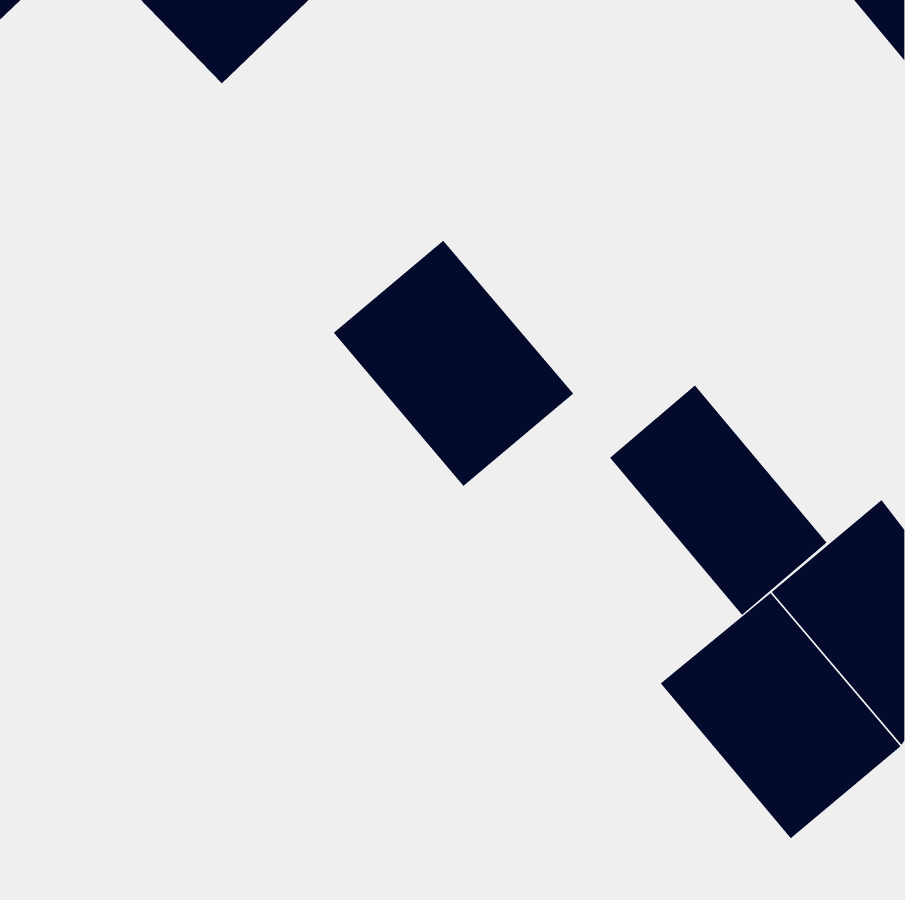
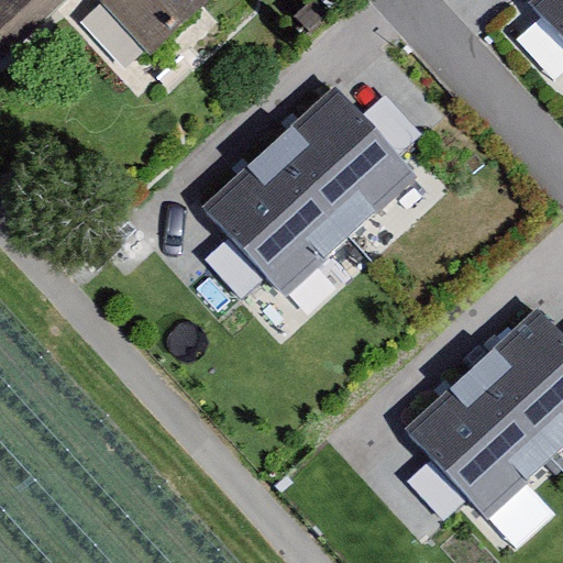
building: none -> [273,90,421,242]
building: [609,385,828,616] -> none

